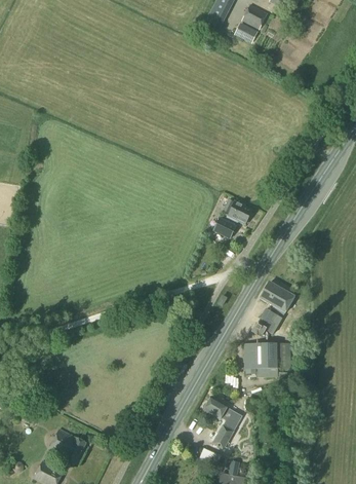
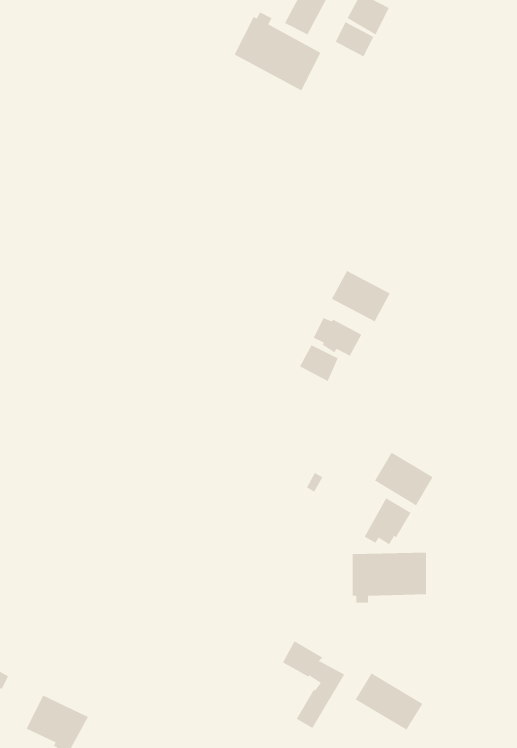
building: none -> [234,12,321,91]
building: none -> [331,270,390,322]
building: none -> [355,673,423,731]

